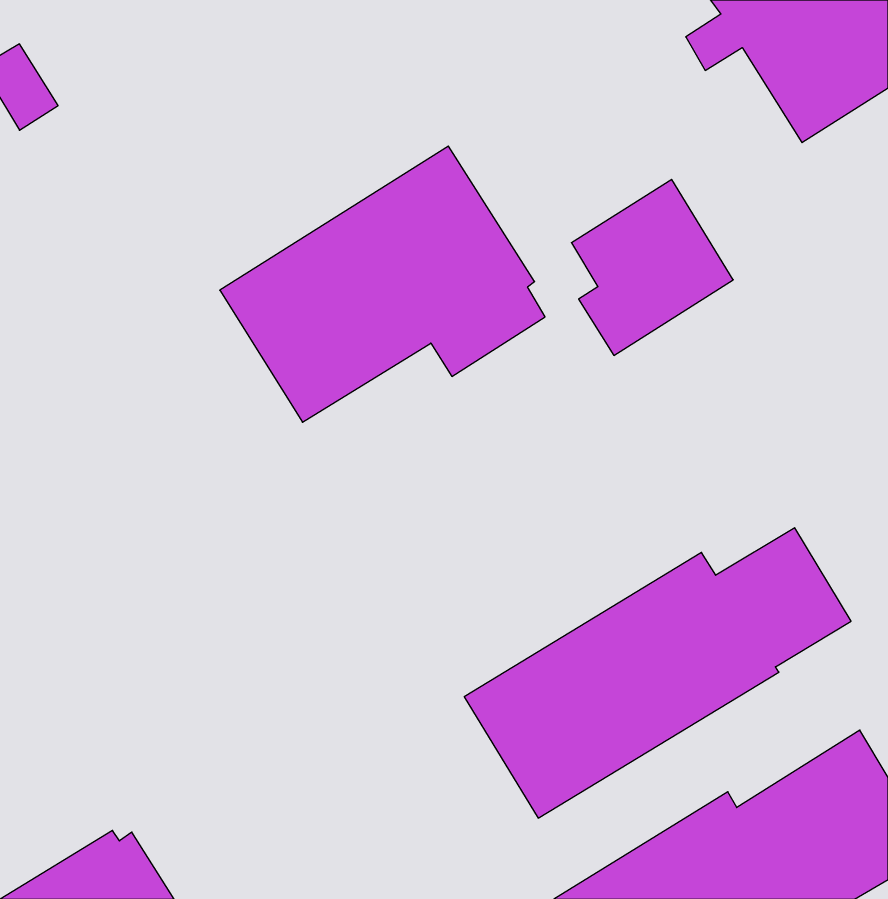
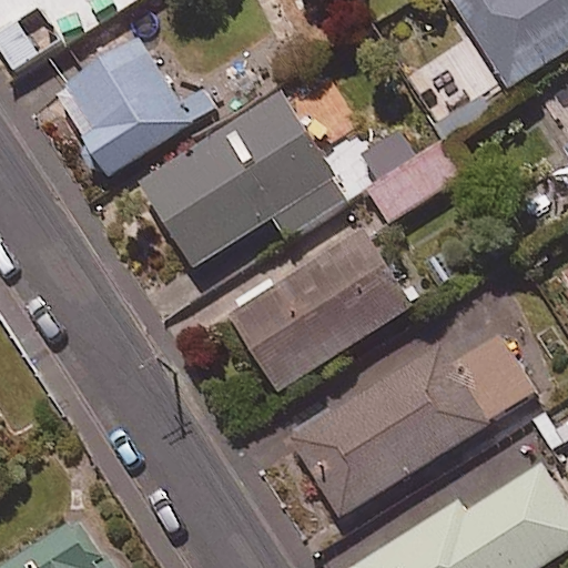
building: none -> [52,37,217,179]
building: none -> [227,227,415,392]

